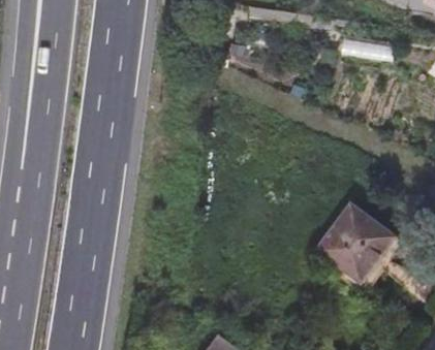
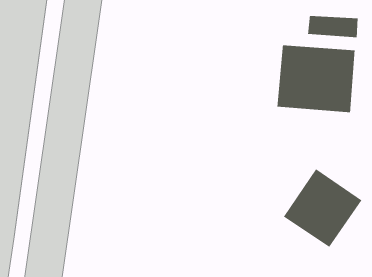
building: none -> [277,45,355,113]

